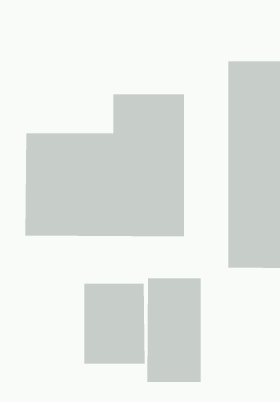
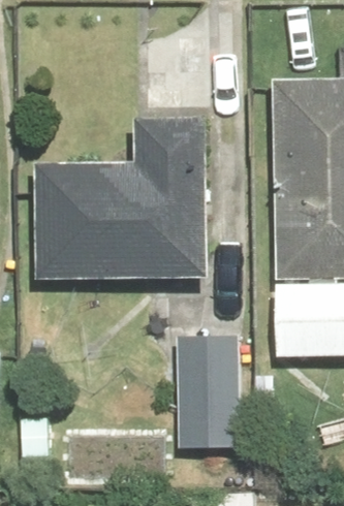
building: [84,283,145,364] -> none

